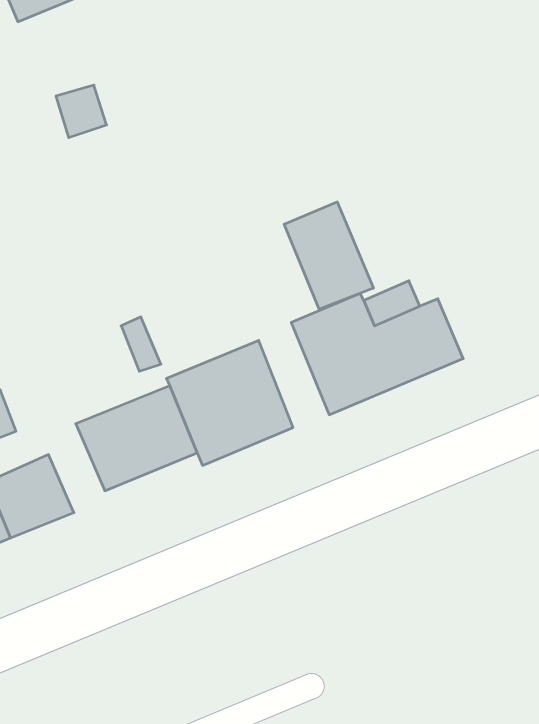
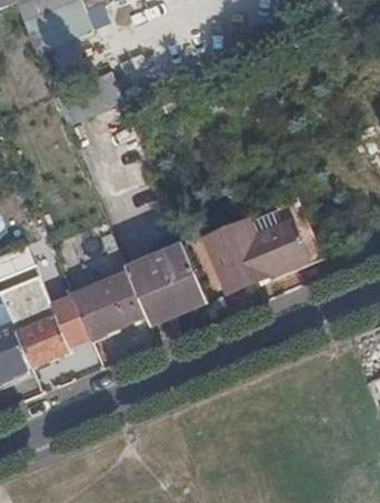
building: [284,202,373,309] -> none
building: none -> [52,292,92,346]

